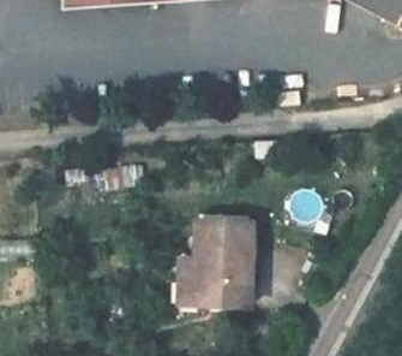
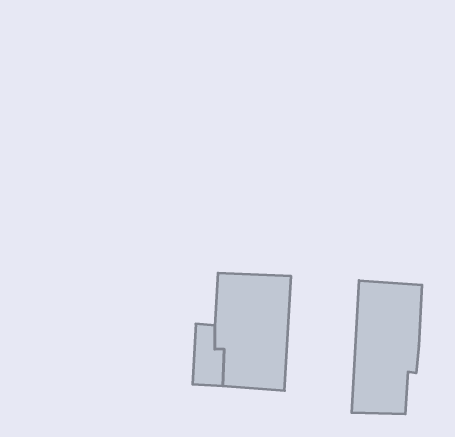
building: none -> [352,280,422,414]

